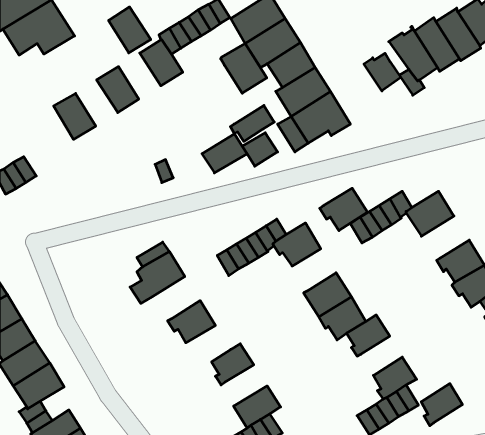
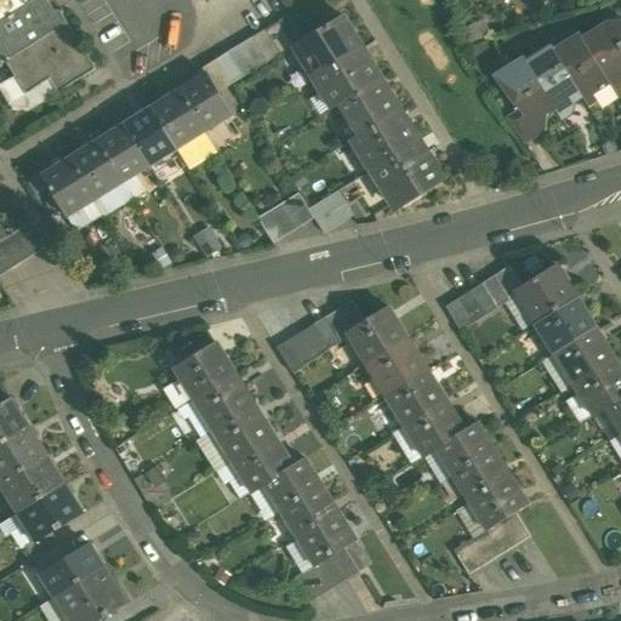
building: [109,7,151,53] -> [150,90,204,148]
building: [221,44,267,93] -> none
building: [364,53,401,91] -> none
building: none -> [96,124,149,182]
building: [230,105,274,141] -> none
building: none -> [40,156,93,216]
building: [320,188,368,231] -> [365,337,426,391]
building: none -> [534,296,594,349]
building: none -> [193,372,253,426]
building: none -> [232,434,292,488]
building: none -> [285,484,338,536]
building: [421,384,462,426] -> [457,448,509,501]

